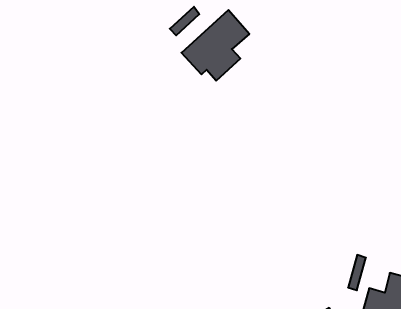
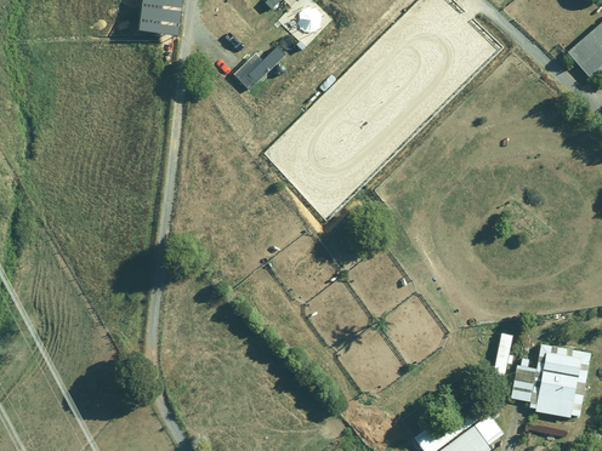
building: [181,10,249,81] -> none

